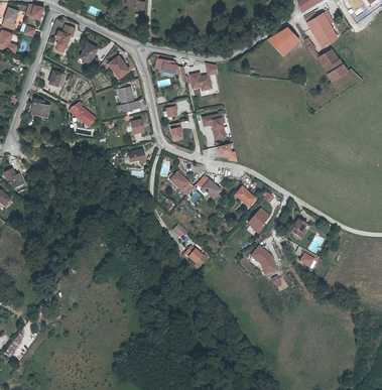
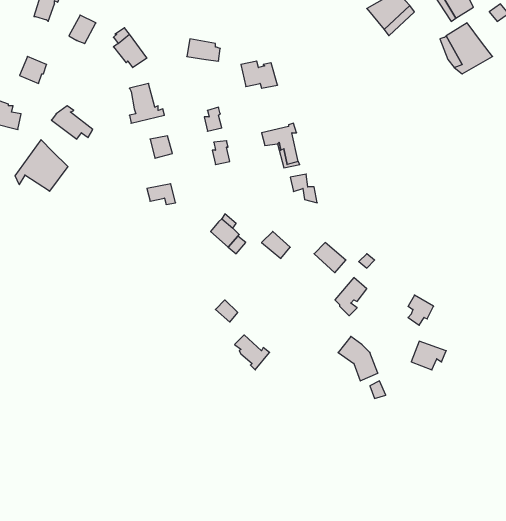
building: none -> [15,140,68,191]

